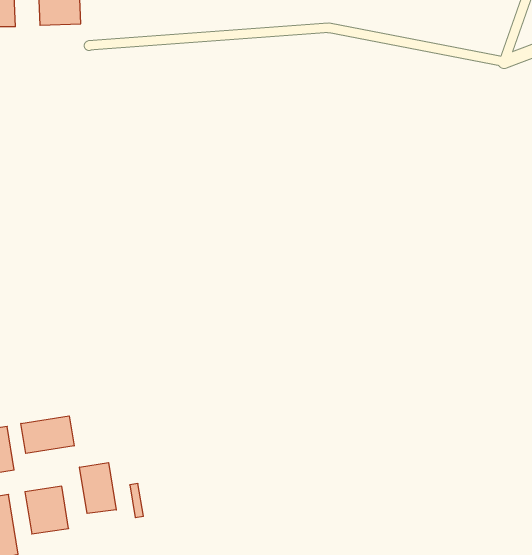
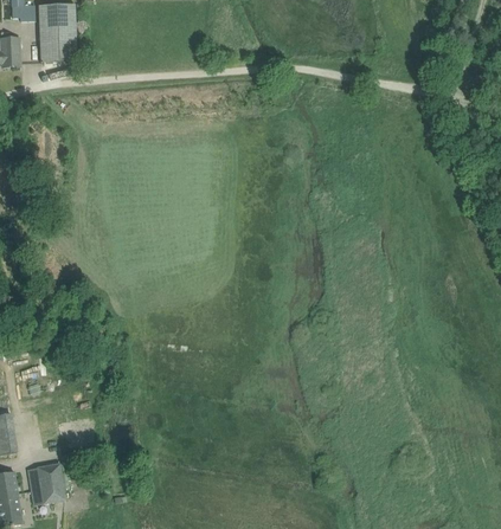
building: [21,416,74,453] -> none
building: [80,463,116,513] -> none

